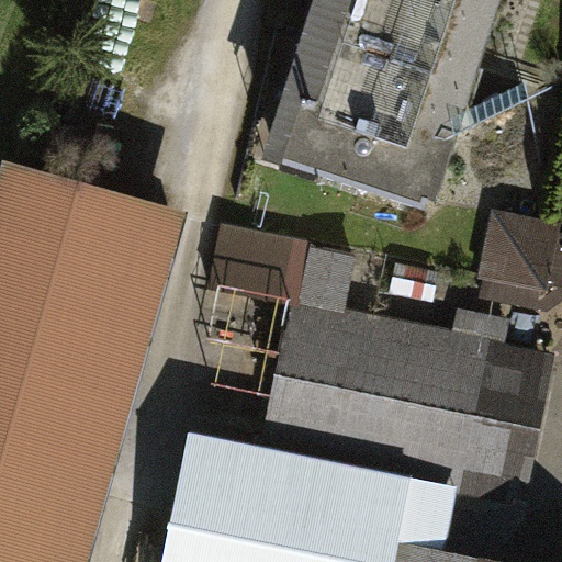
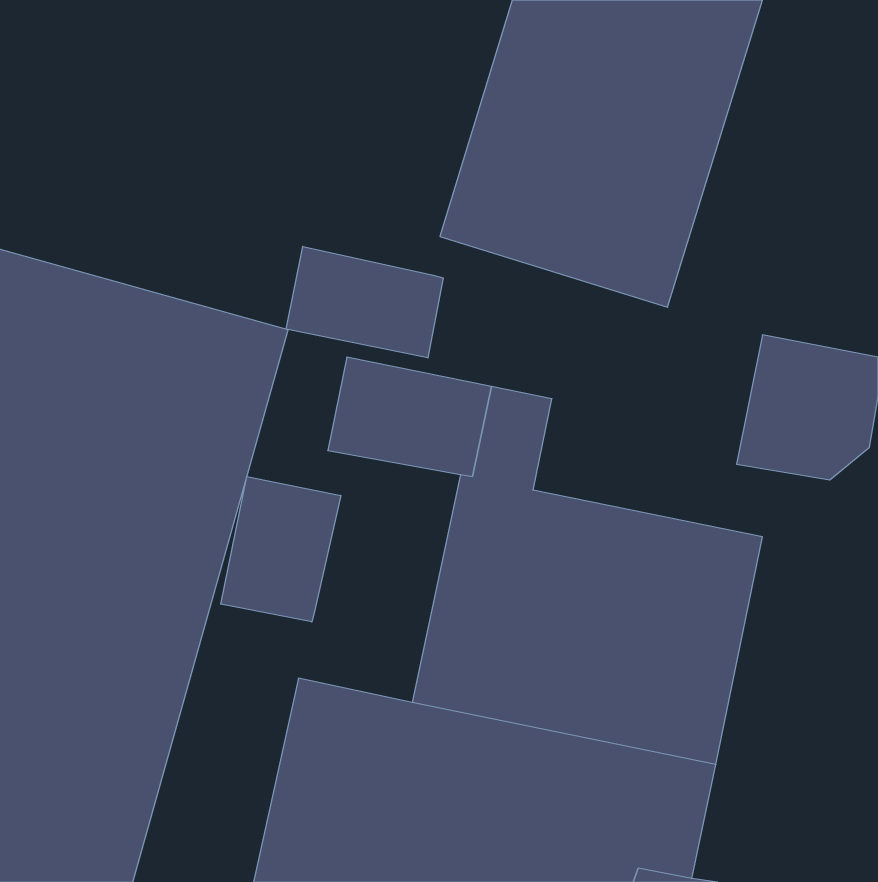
building: none -> [286,246,443,358]
building: none -> [221,476,341,622]
building: [456,341,553,497] -> none

